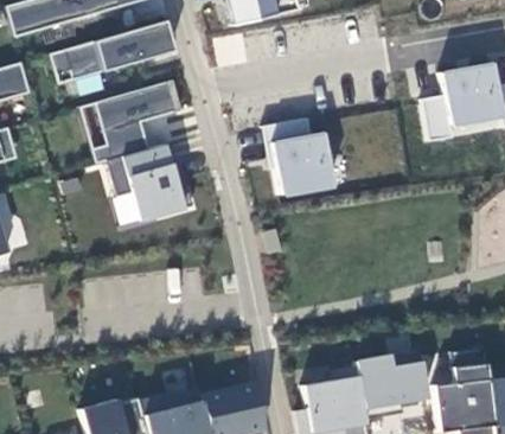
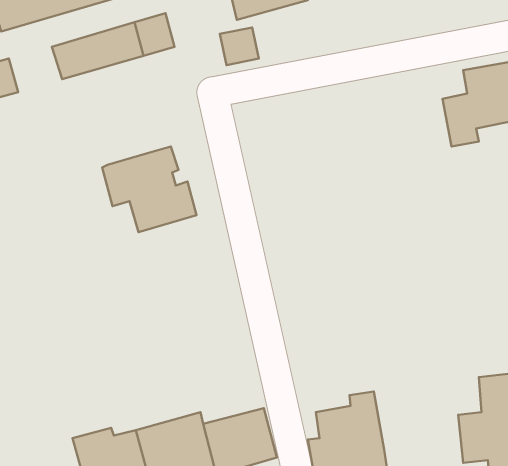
building: [95,81,175,158] -> none
building: [258,117,333,197] -> none
building: [354,355,427,419] -> none

